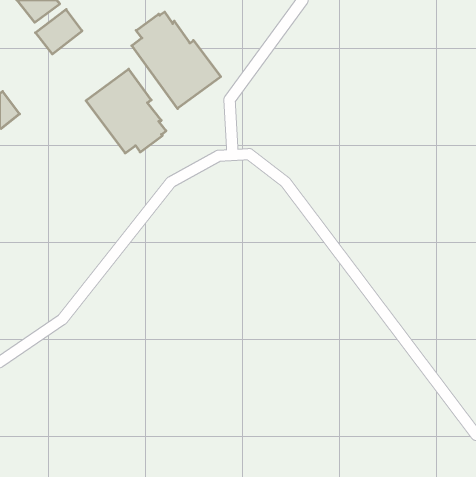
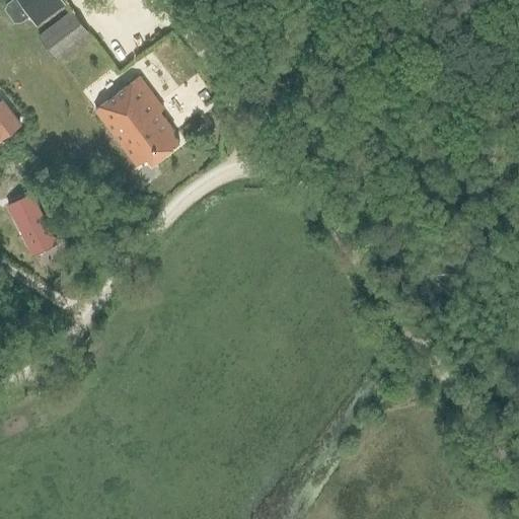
building: [132,12,221,109] -> none
building: none -> [7,194,54,250]

